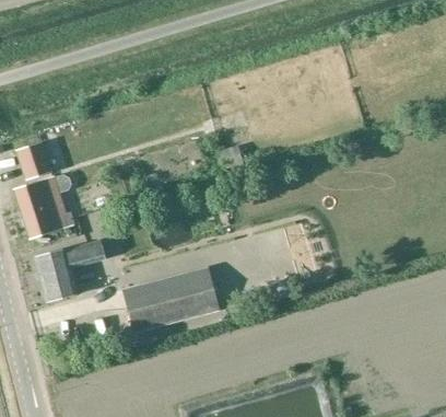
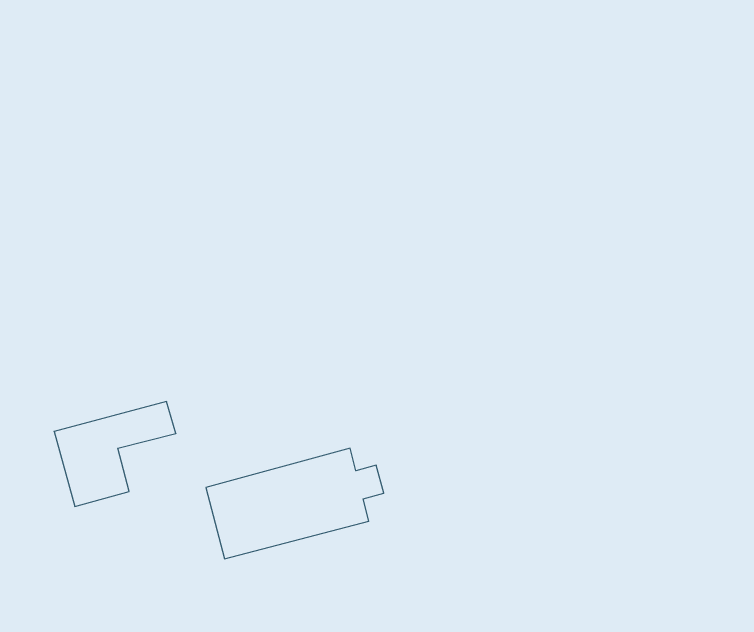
building: [16,143,51,181] -> none
building: [14,176,73,240] -> none

